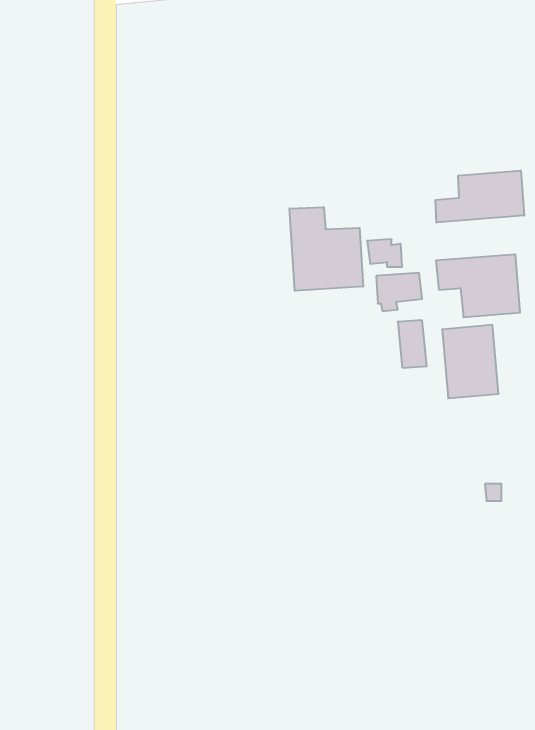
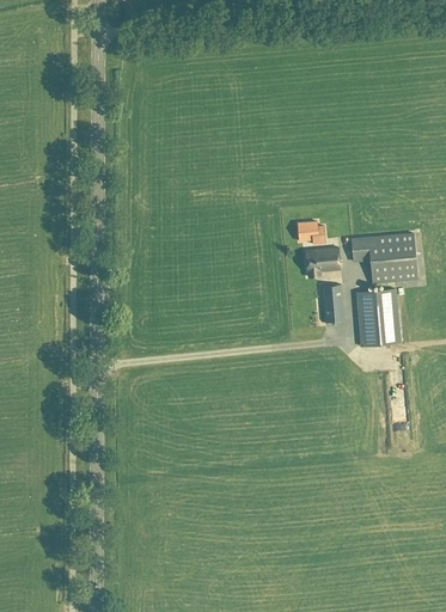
building: [436,170,524,223] -> none
building: [290,207,363,291] -> none

